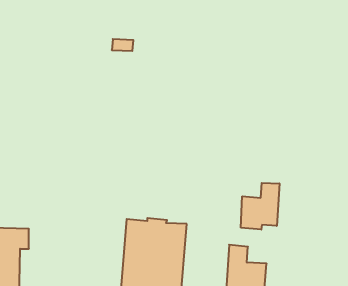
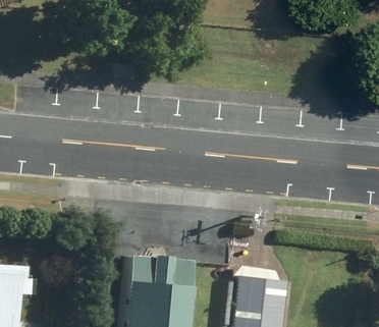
building: [241,183,279,230] -> none

